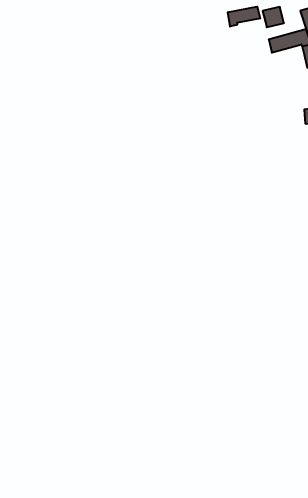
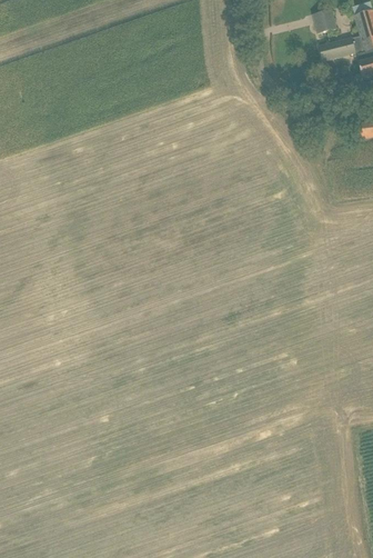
building: [228,7,260,27] -> none

